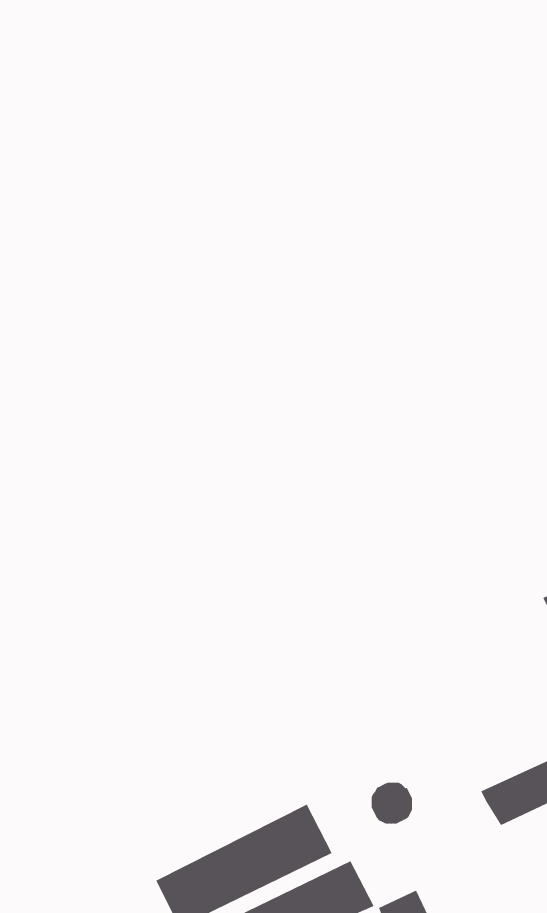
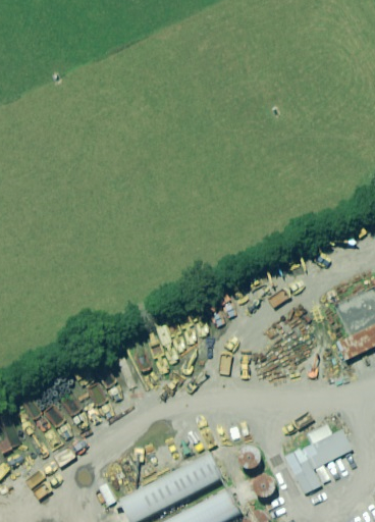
building: none -> [288,456,319,493]
building: none -> [253,471,276,495]

